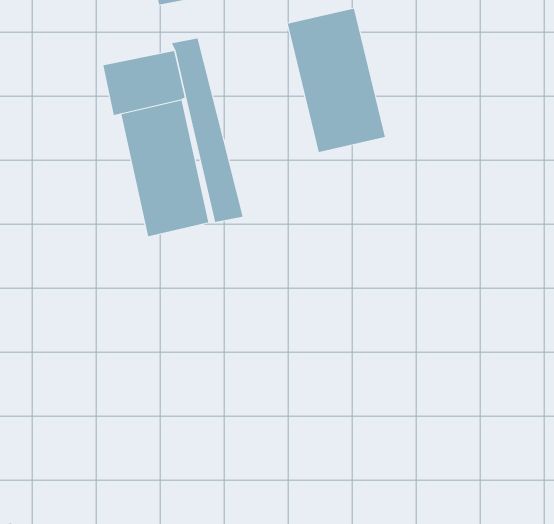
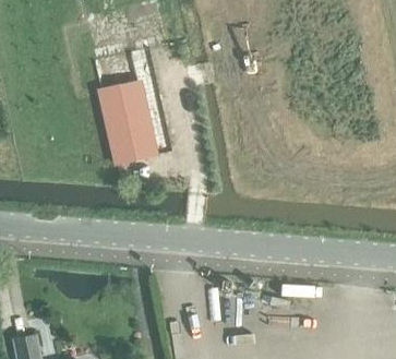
building: [287,8,386,153] -> none

